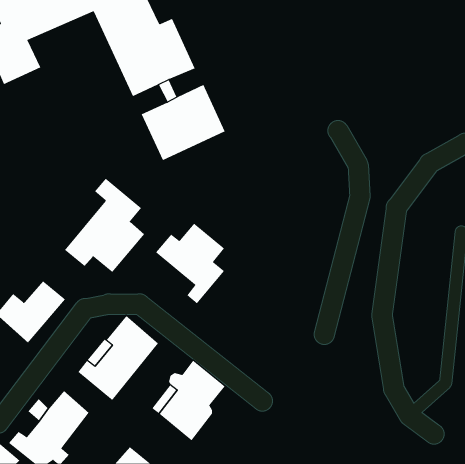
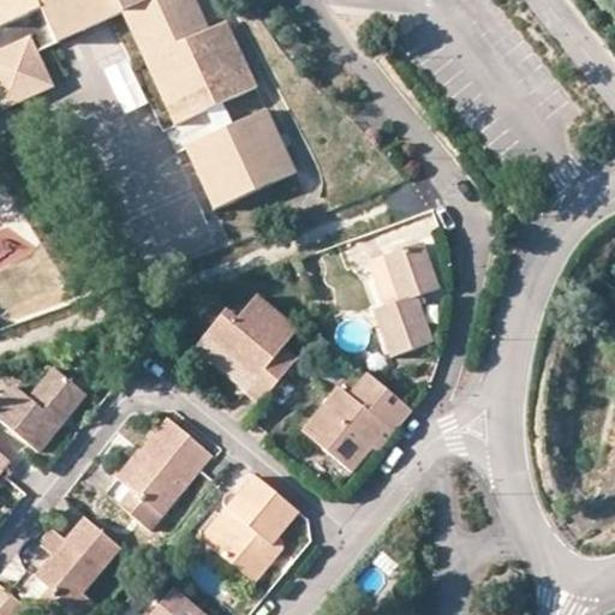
building: [64,178,145,273] -> none
building: none -> [366,238,438,353]
building: none -> [301,371,411,468]

